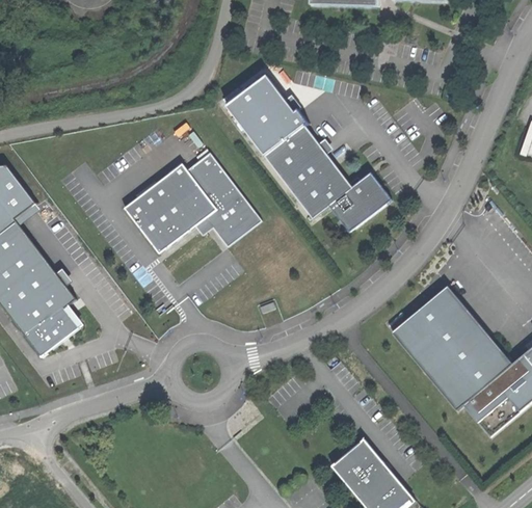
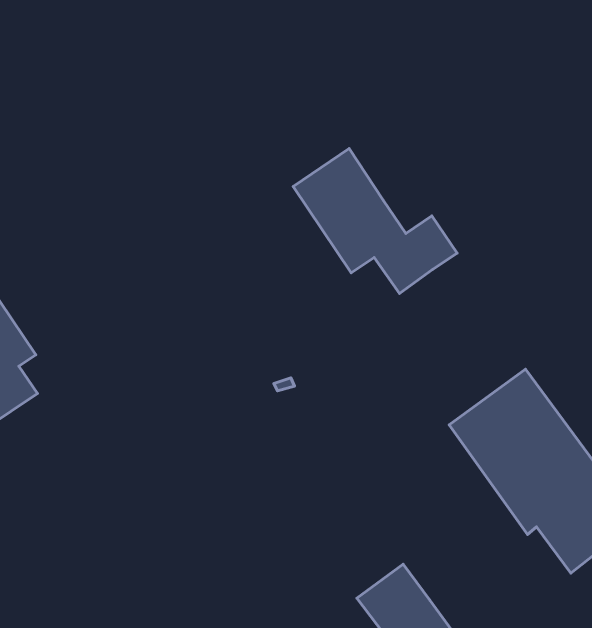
building: [222,77,305,157] -> none
building: [125,155,259,253] -> none

